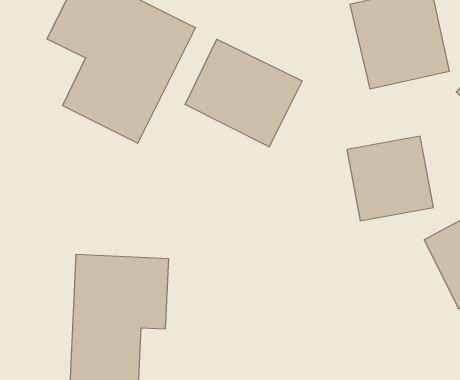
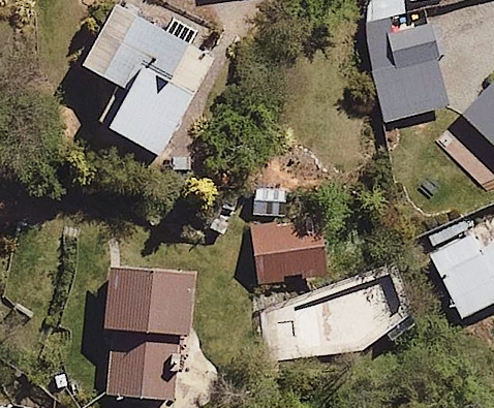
building: [185,39,302,147] -> none
building: [347,136,433,221] -> [250,205,331,283]

